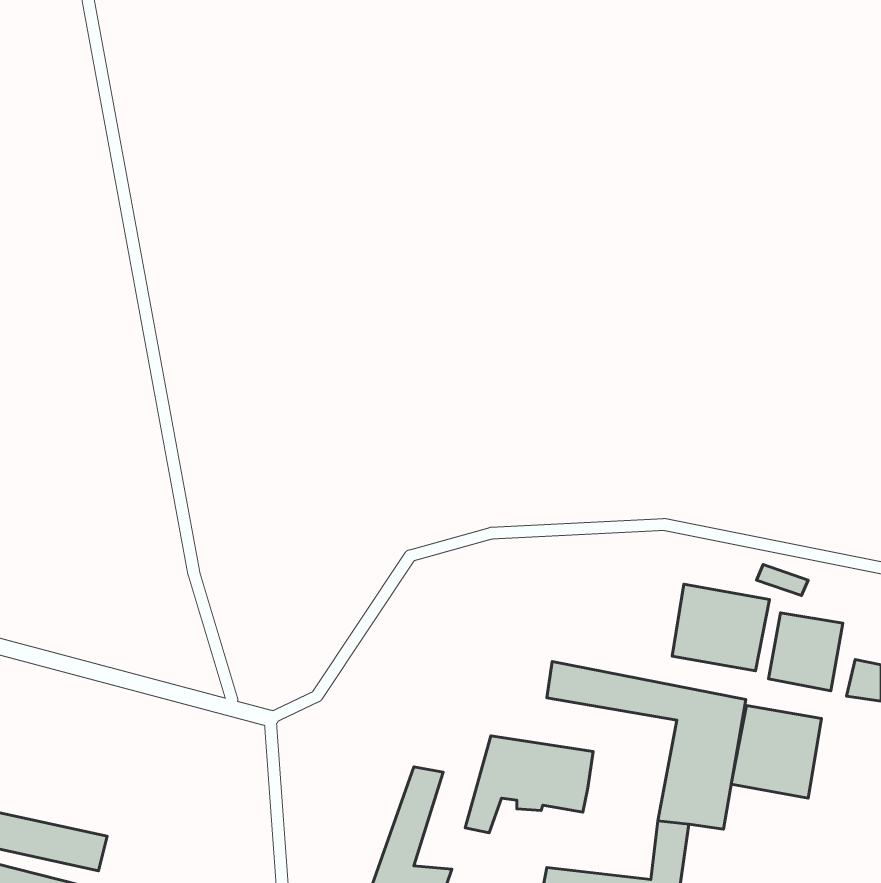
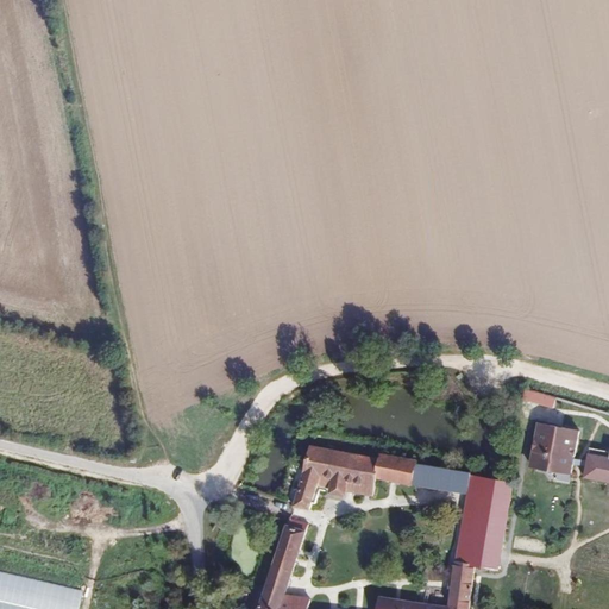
building: [672,584,769,671] -> none
building: [731,706,821,798] -> none
building: [465,736,593,833] -> [291,445,379,511]

